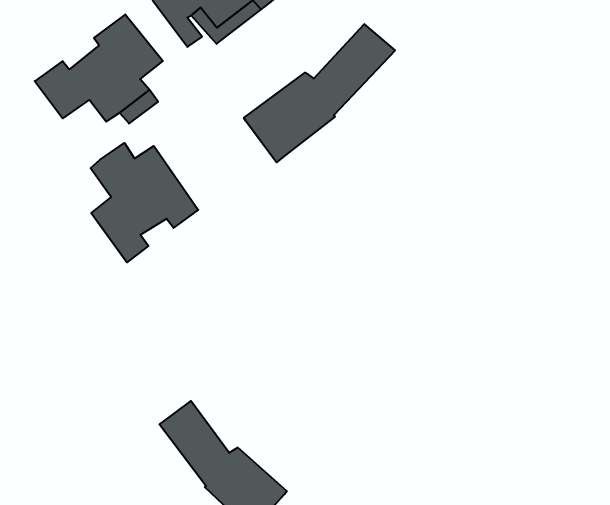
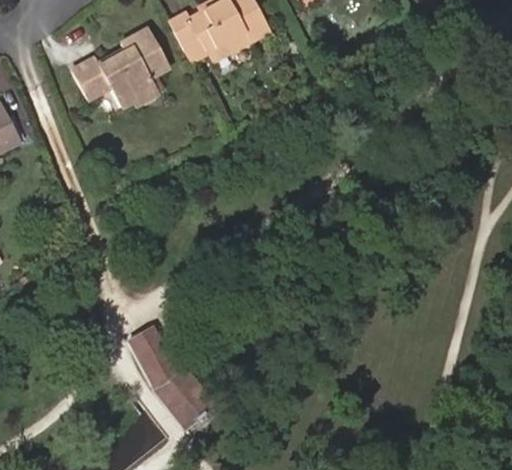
building: [244,24,395,162] -> none
building: [91,143,198,262] -> none

